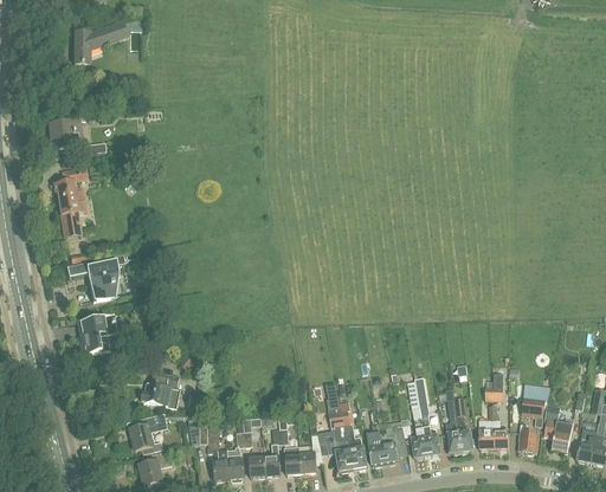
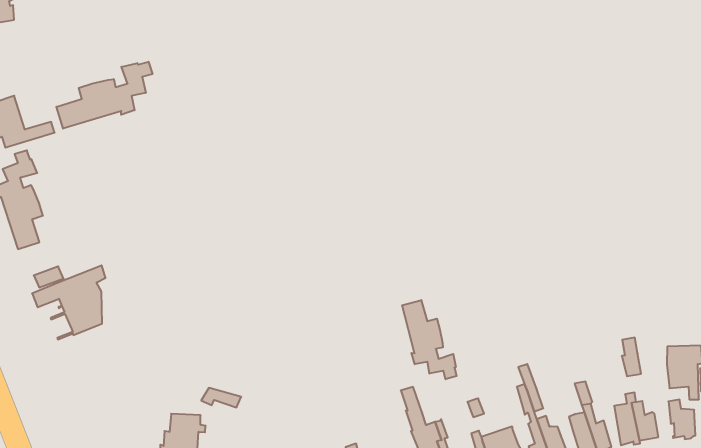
building: none -> [56,62,152,129]
building: [71,313,116,352] -> none
building: none -> [402,300,457,379]

